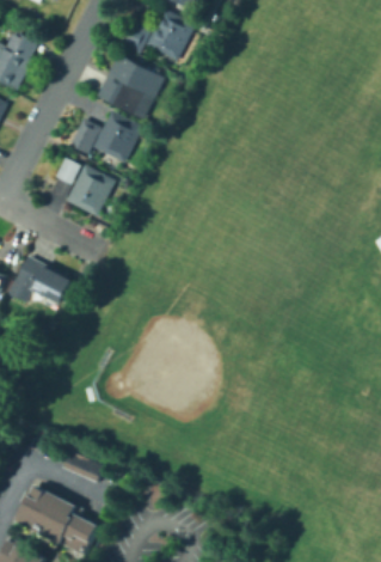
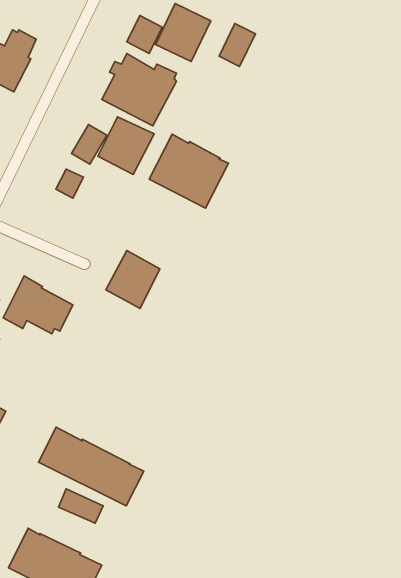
building: none -> [219,24,255,67]
building: none -> [149,134,229,208]
building: [67,165,116,218] -> [106,251,160,308]
building: none -> [39,427,144,506]

